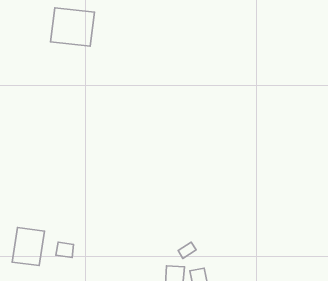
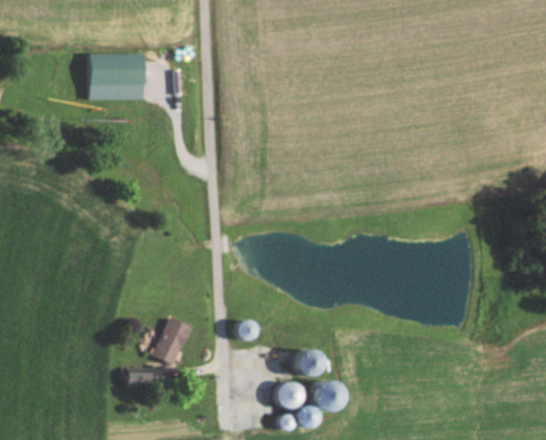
building: none -> [153,318,190,365]
building: [12,228,44,266] -> none

